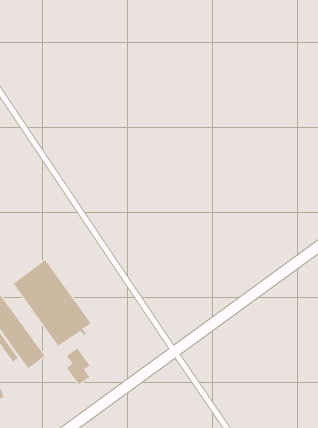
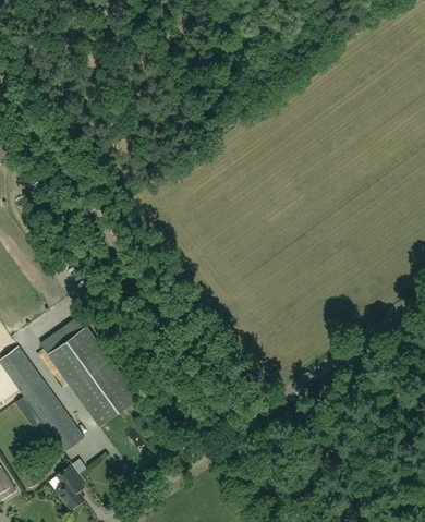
building: [66,348,91,385] -> [56,465,84,509]

